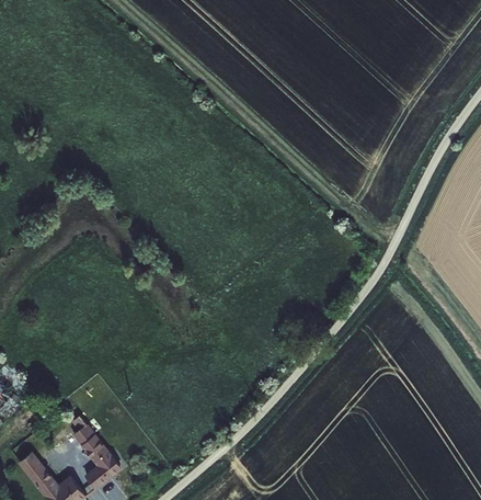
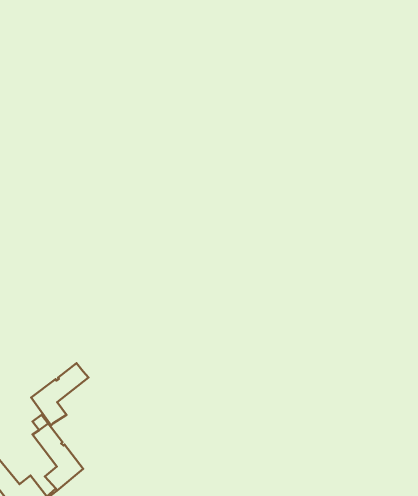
building: none -> [31,363,89,425]

